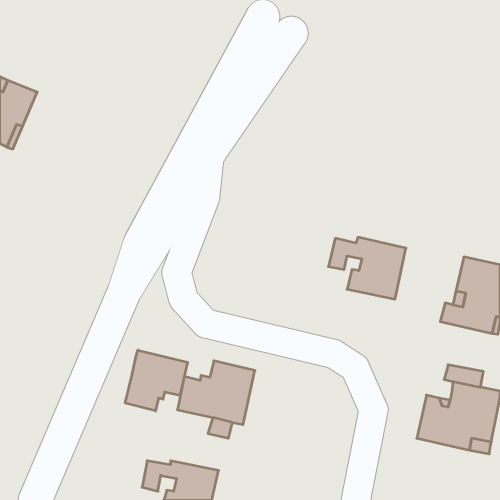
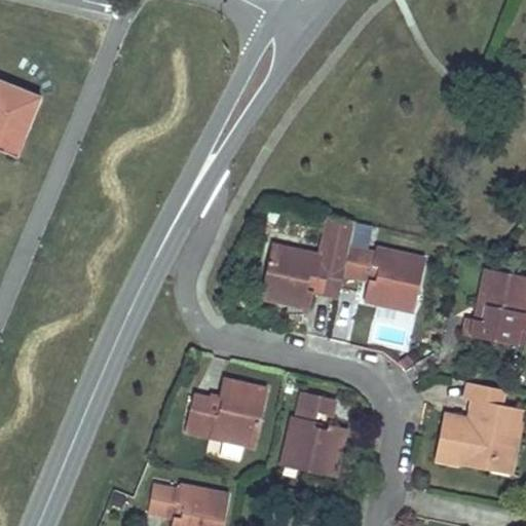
building: none -> [261,215,355,306]
building: [125,350,188,411] -> none
building: none -> [281,392,346,477]

